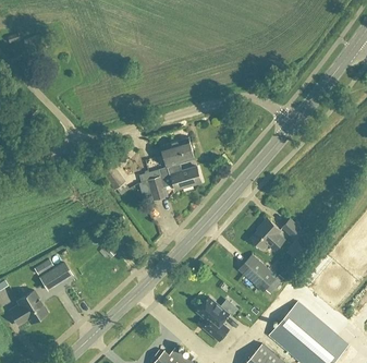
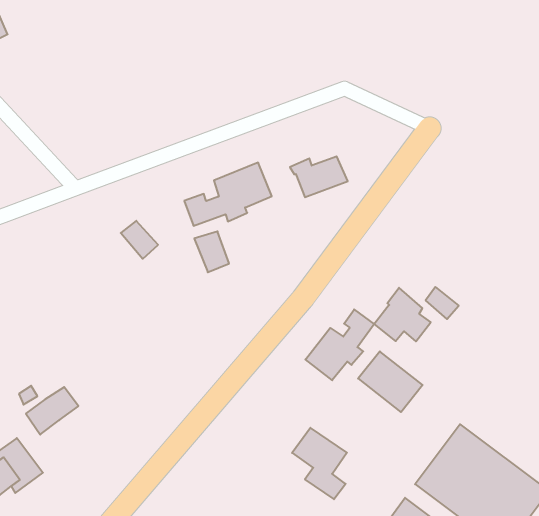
building: [168,167,201,190] -> [290,156,348,197]
building: none -> [305,309,374,380]

